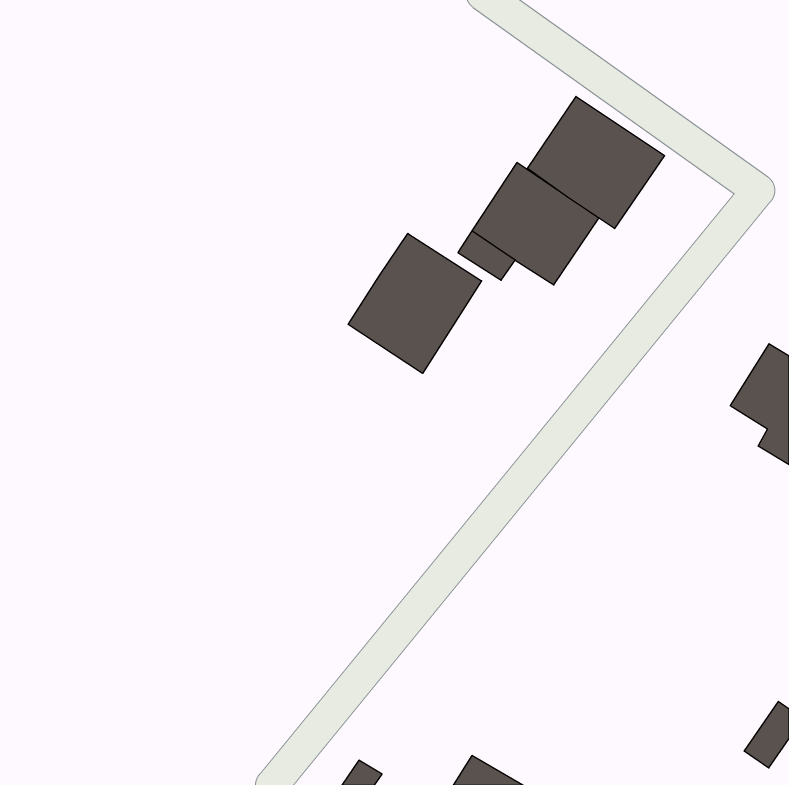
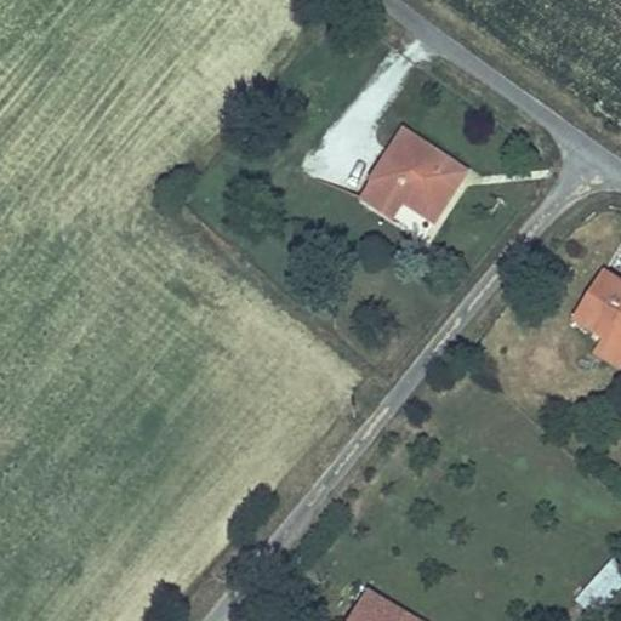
building: [527,96,665,229] -> none
building: [348,233,482,373] -> none

